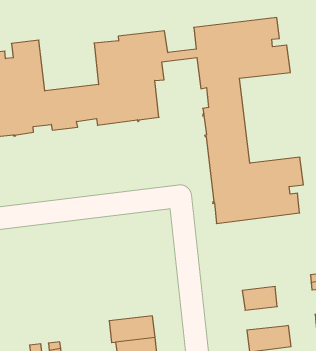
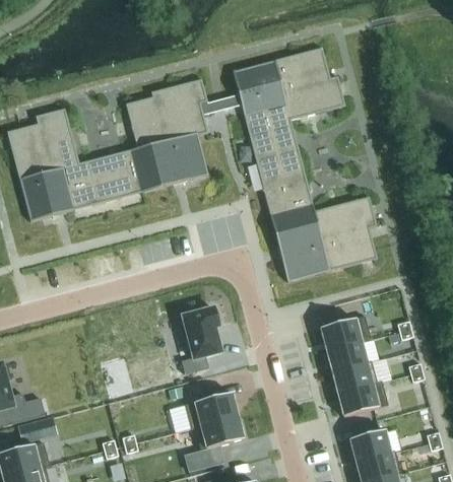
building: none -> [182,306,221,373]
building: none -> [320,316,371,350]
building: none -> [332,361,378,393]

